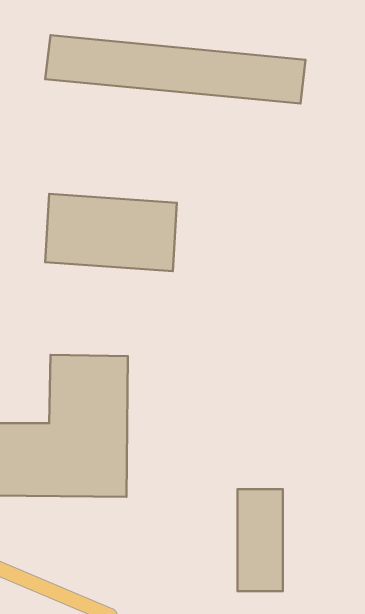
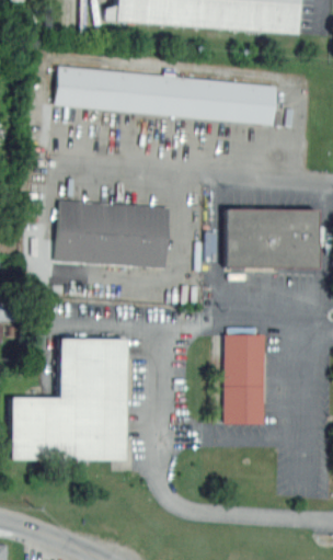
building: none -> [225,208,318,268]
building: [238,489,283,591] -> [225,335,263,422]

